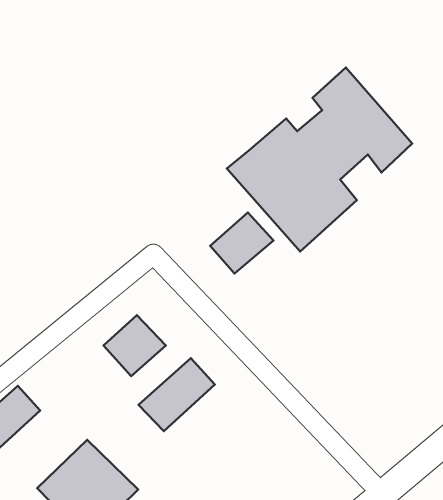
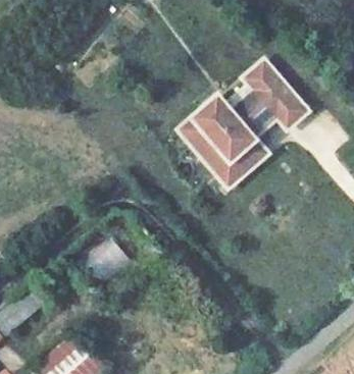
building: [210,213,273,274] -> none
building: [138,358,215,431] -> none

